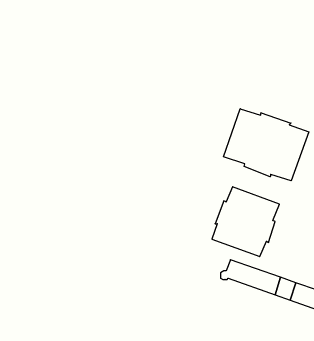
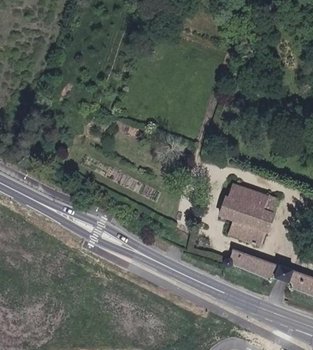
building: [223,109,309,181] -> none

